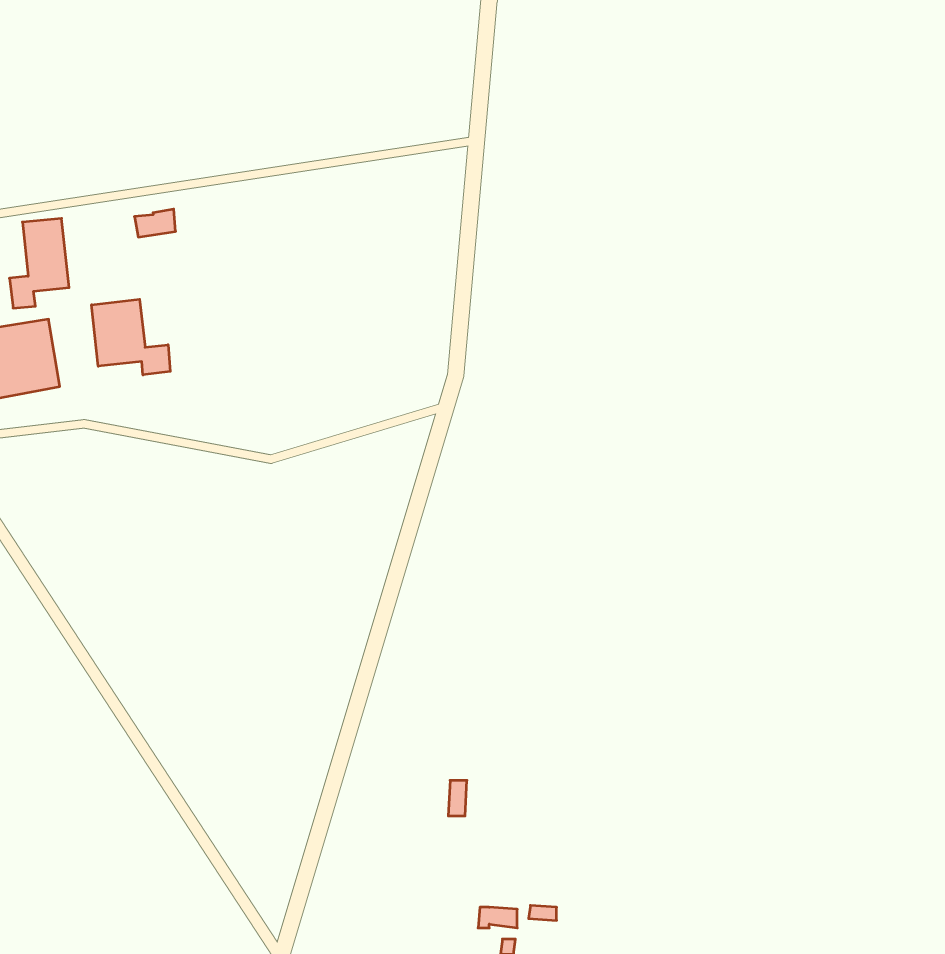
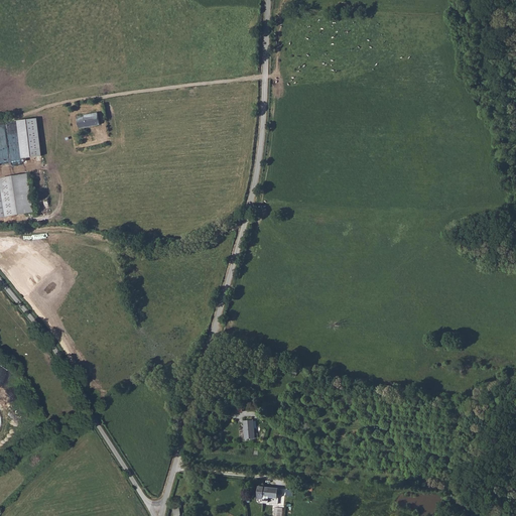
building: [92,299,170,375] -> none

